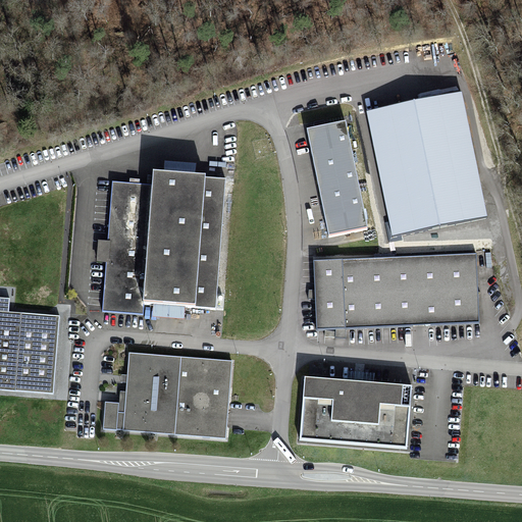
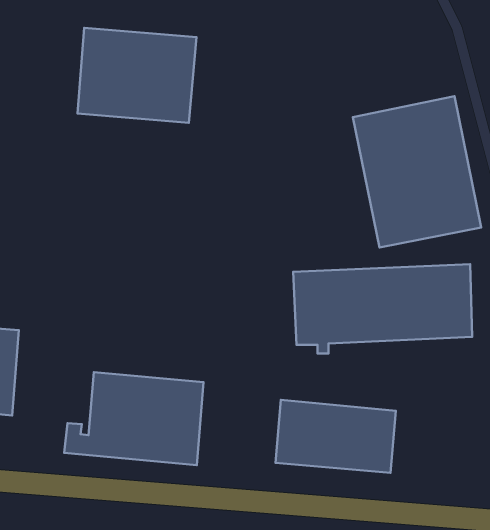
building: none -> [77,28,196,123]
building: [306,122,363,230] -> none
building: [103,170,226,311] -> none

